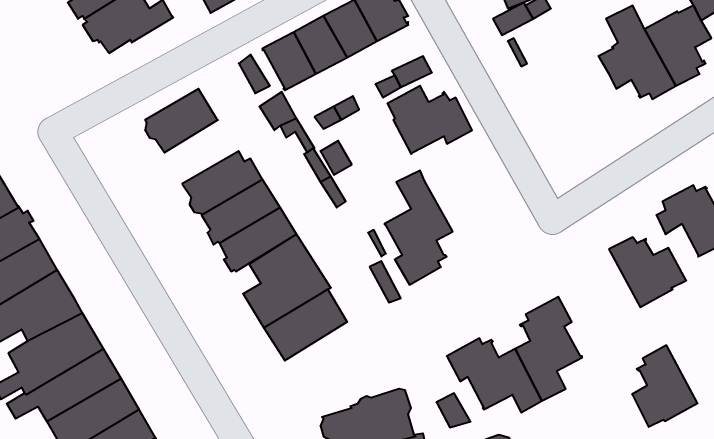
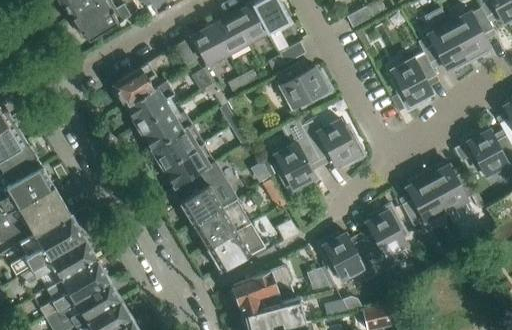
building: none -> [391,54,437,112]
building: none -> [125,80,176,128]
building: none -> [301,119,365,168]
building: none -> [206,221,264,271]
building: [632,345,698,427] -> [402,172,446,227]

